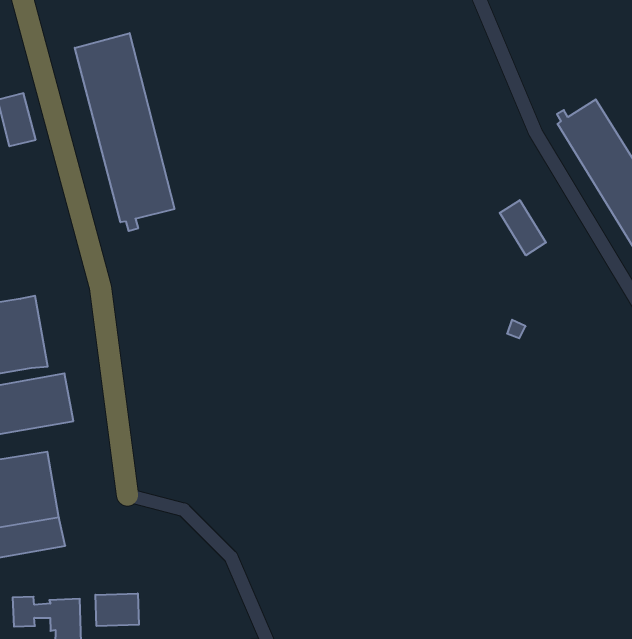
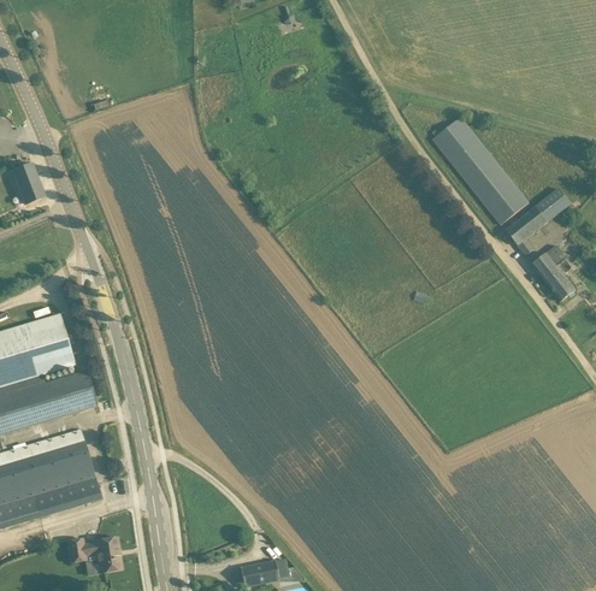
building: [75,33,174,231] -> none
building: [500,200,546,255] -> none
building: [95,593,139,626] -> none

